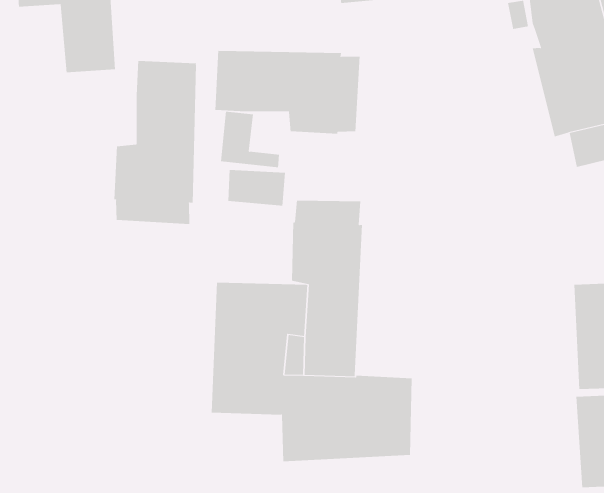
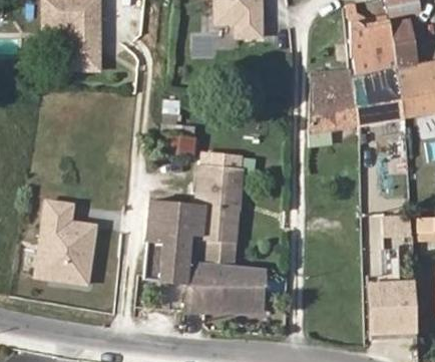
building: none -> [310,71,361,146]
building: [215,50,360,134] -> none
building: [114,60,197,225] -> none
building: none -> [33,200,98,286]

